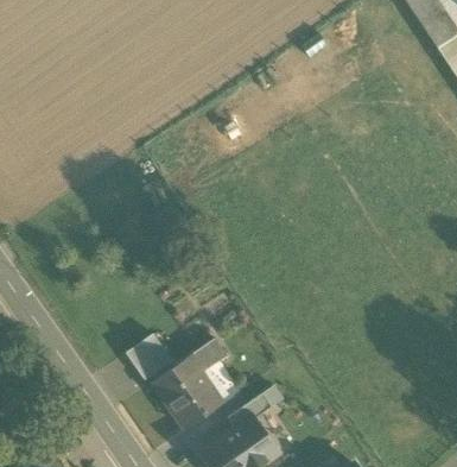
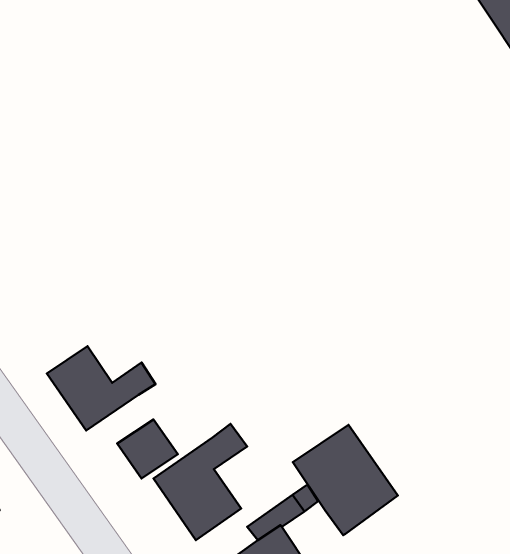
building: none -> [47,346,156,431]
building: none -> [293,425,398,535]

